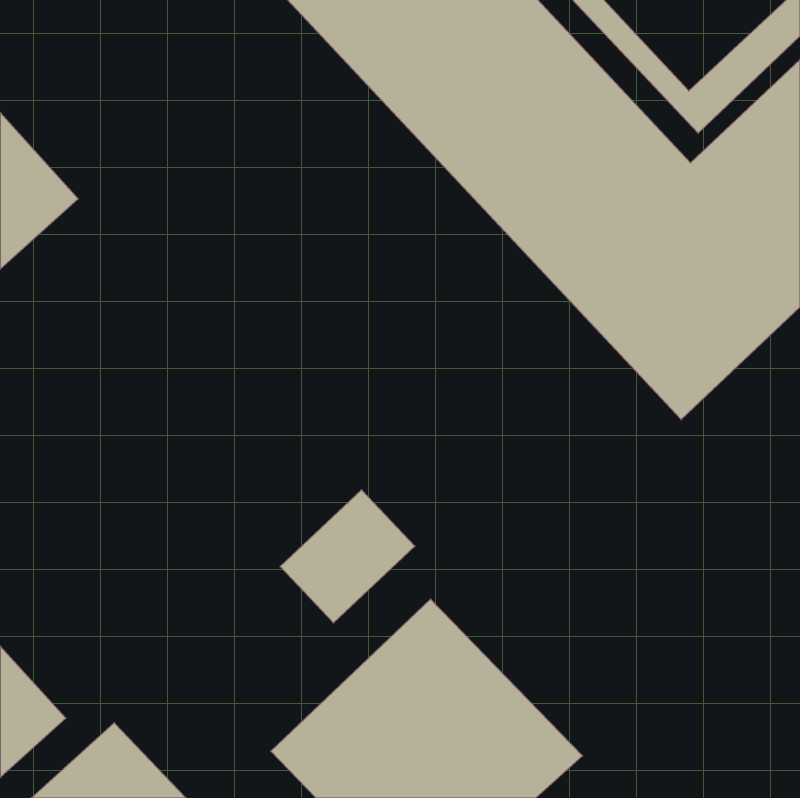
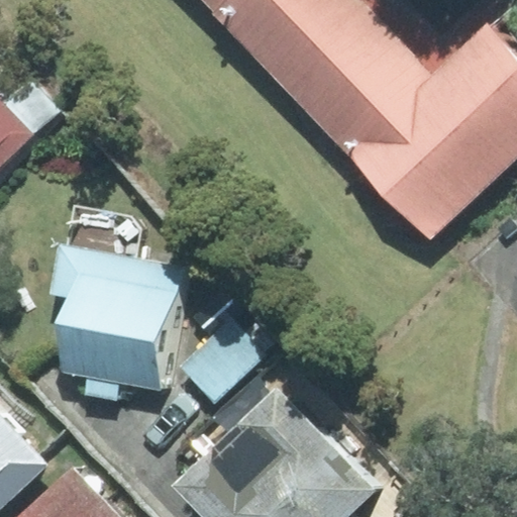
building: none -> [51,207,185,388]

